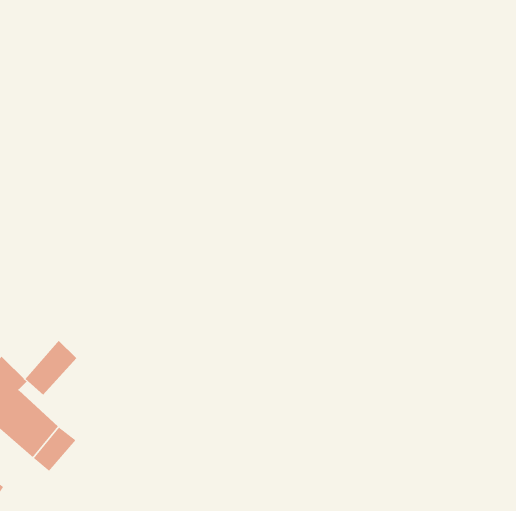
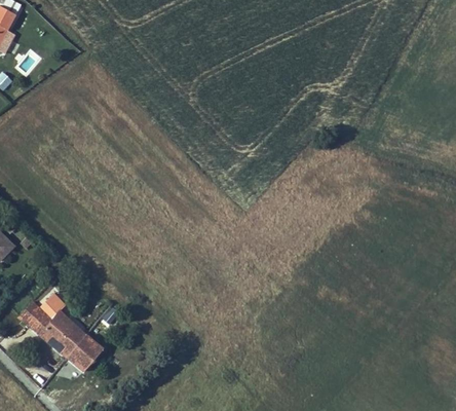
building: [25,340,77,396] -> none

